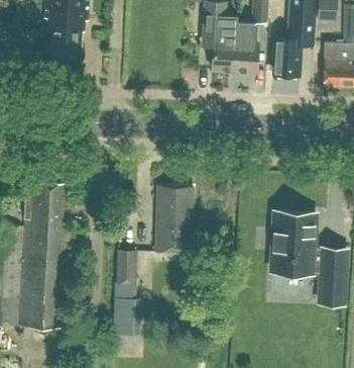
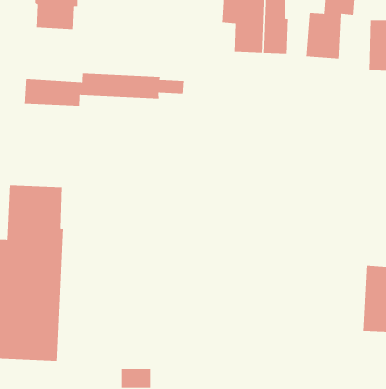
building: none -> [24,72,184,107]
building: [155,186,193,252] -> none
building: [271,210,315,273] -> none
building: [114,249,139,319] -> none

